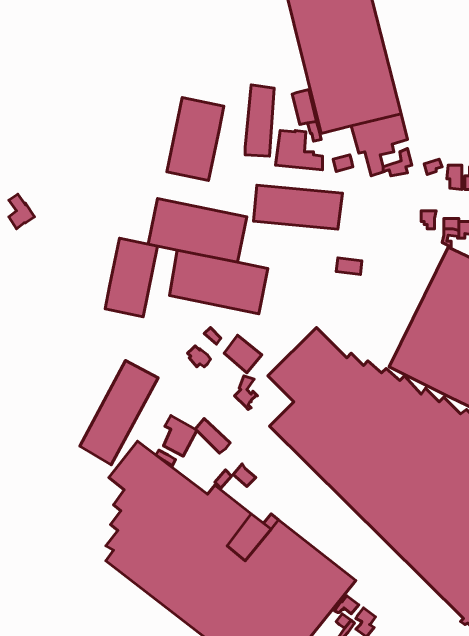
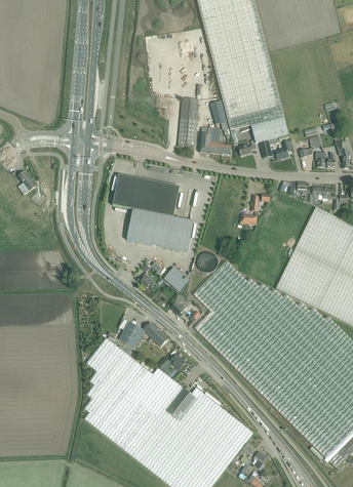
building: [167,97,224,181] -> none
building: [253,185,343,229] -> none
building: [105,238,157,317] -> none
building: [80,360,158,465] -> none

